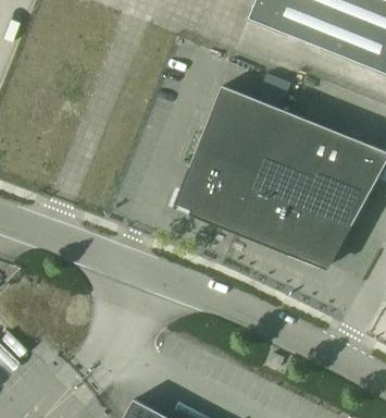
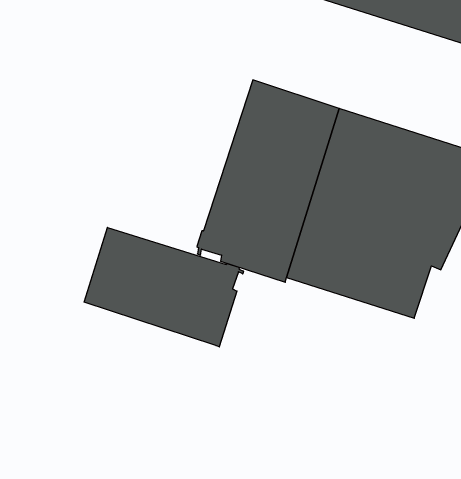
building: none -> [84,227,243,347]

